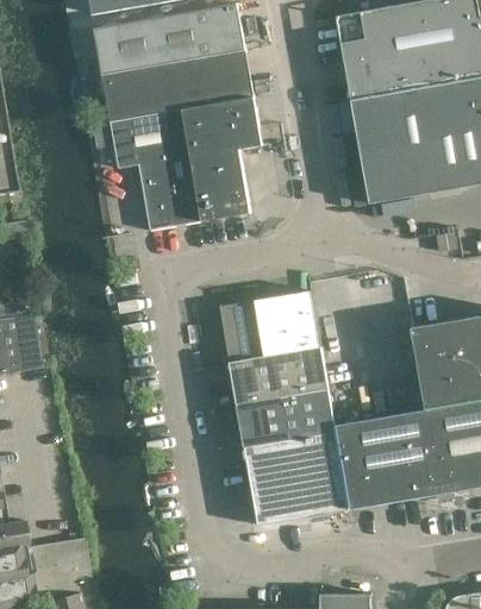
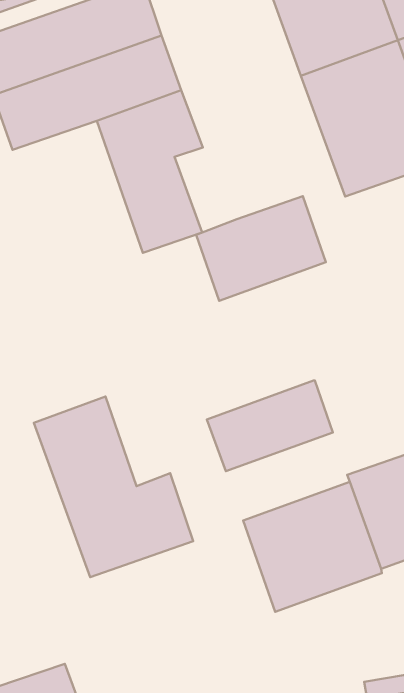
building: [108,109,199,231] -> none
building: [218,290,318,363] -> [196,196,326,301]
building: none -> [34,397,193,577]
building: [236,390,333,448] -> none

